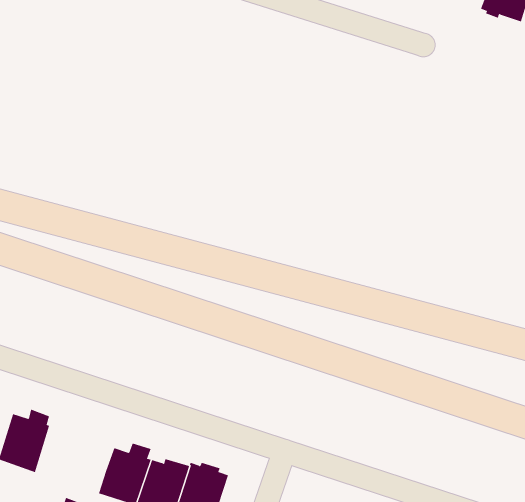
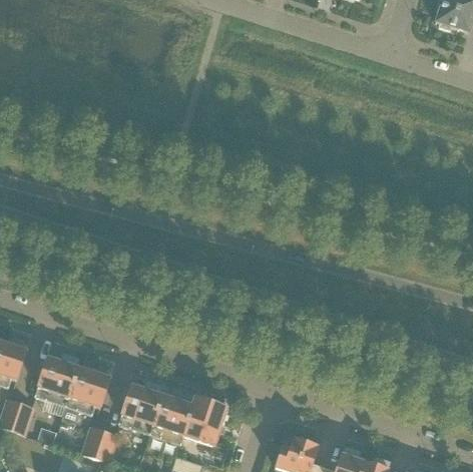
building: none -> [65,368,109,415]

